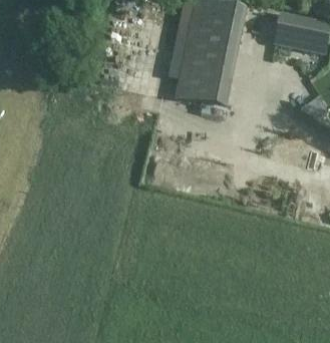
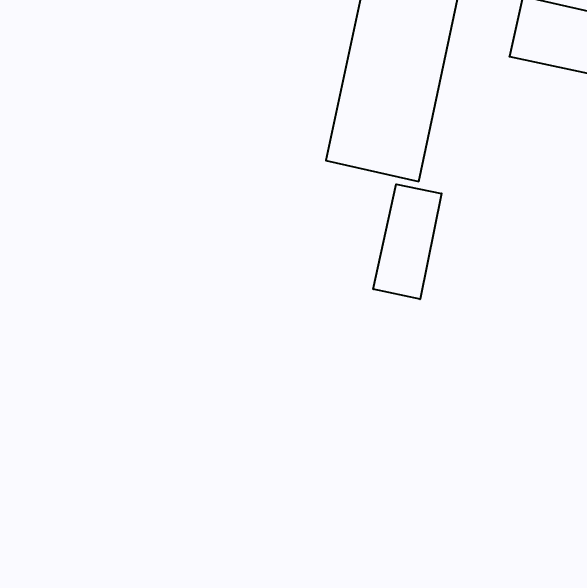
building: none -> [373,184,442,299]

